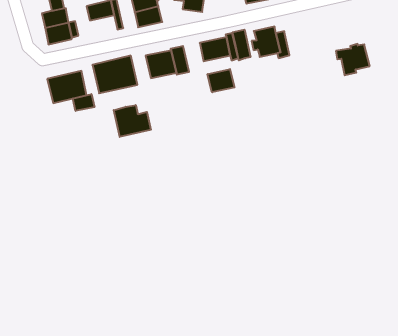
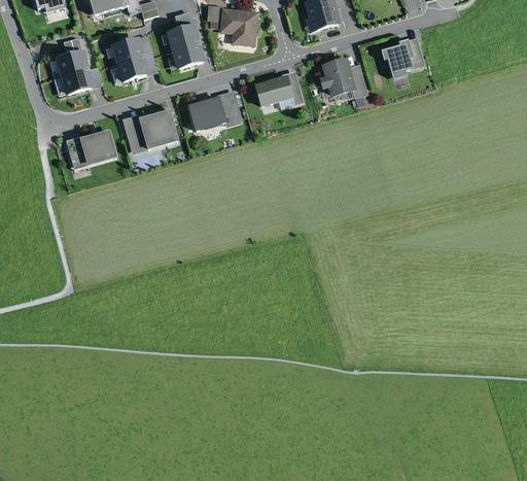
building: none -> [115,56,151,83]
building: [233,30,250,60] -> none
building: [336,44,370,75] -> [381,36,424,76]
building: [208,69,234,92] -> none
building: [73,94,94,111] -> none
building: [114,105,151,137] -> none

